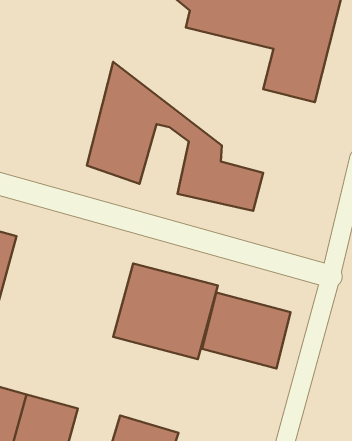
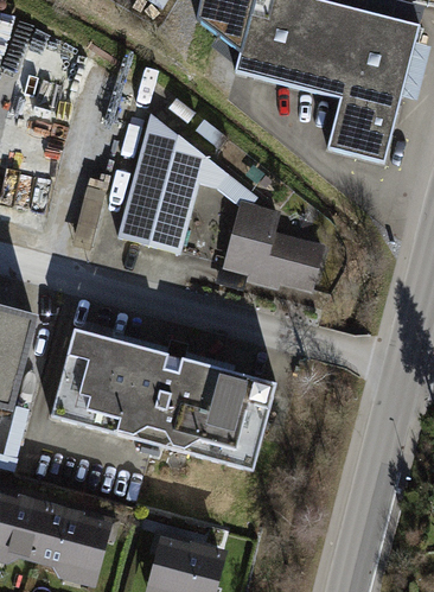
building: none -> [49,325,174,439]
building: [202,293,291,368] -> none

